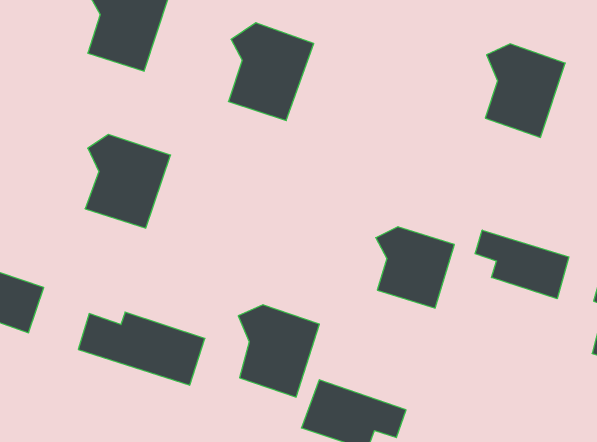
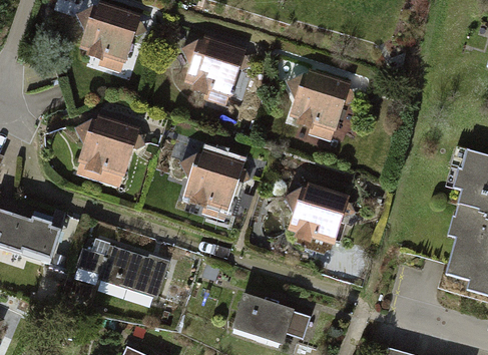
building: [485,44,565,137] -> [289,71,347,139]
building: [475,230,569,299] -> none
building: [238,305,319,397] -> [183,149,242,217]

